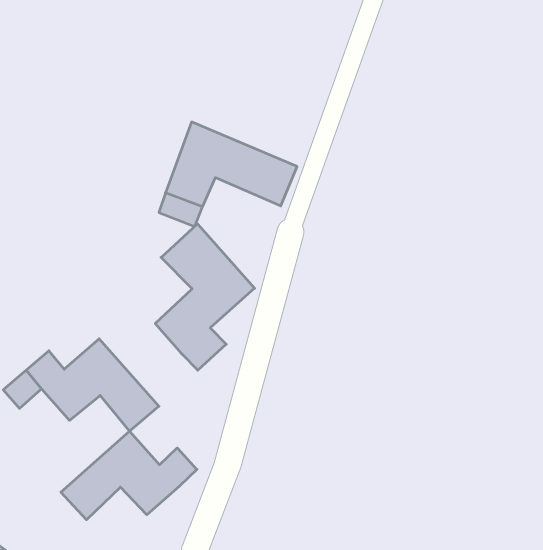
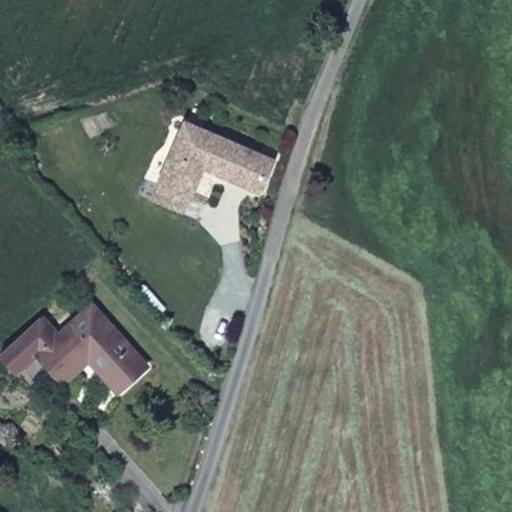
building: [155,224,255,370] -> none
building: [61,431,197,520] -> none

